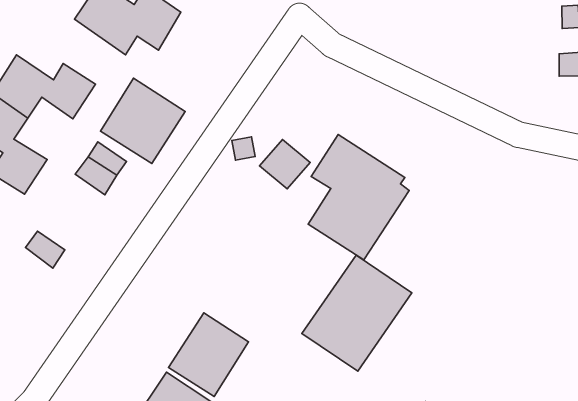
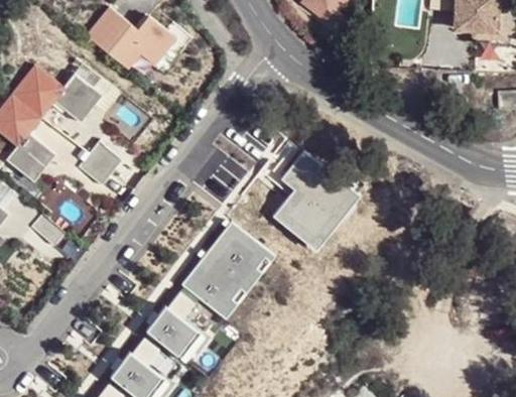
building: [100,78,185,163] -> none
building: [302,255,412,371] -> [180,223,276,321]

